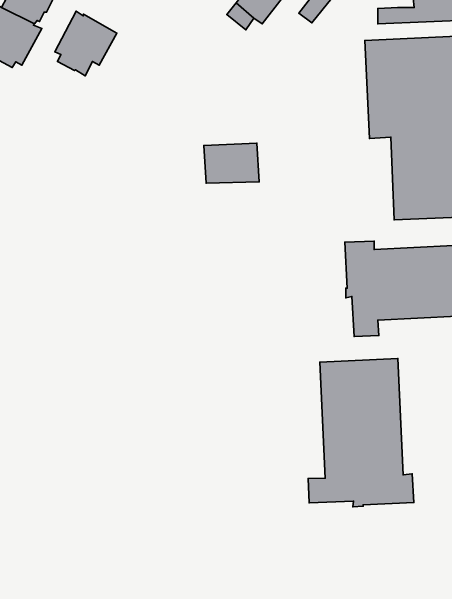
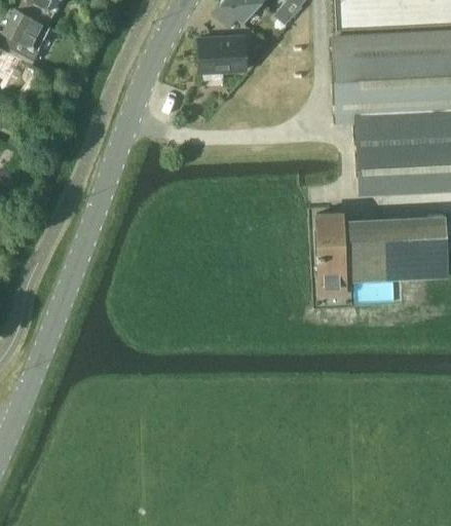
building: [55,11,117,76] -> none
building: [204,143,259,183] -> [197,36,246,71]
building: [308,359,414,507] -> none

